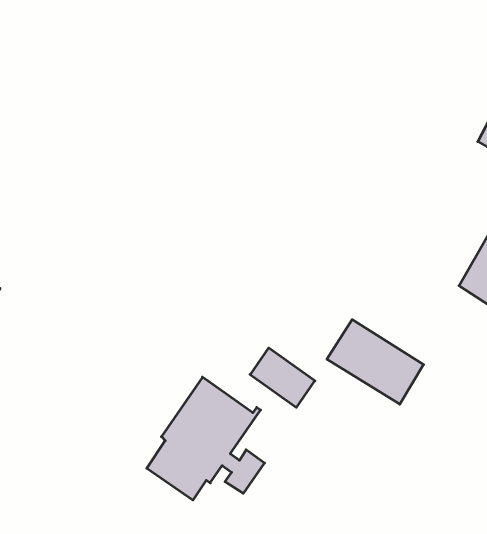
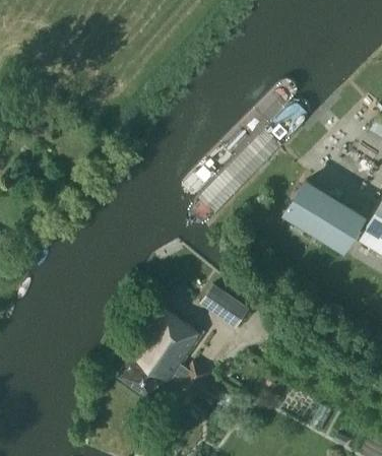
building: [327,320,424,404] -> [288,181,362,246]

